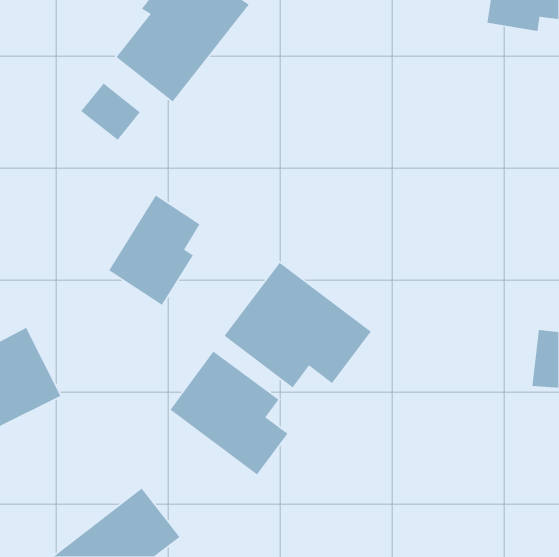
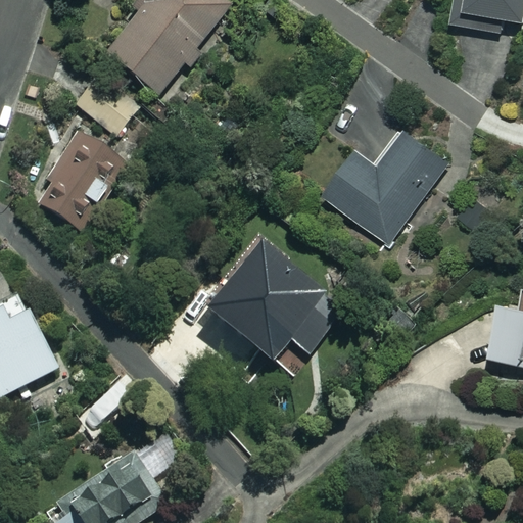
building: none -> [325,128,447,240]
building: [108,195,201,306] -> [33,129,118,232]
building: [170,351,289,475] -> none

